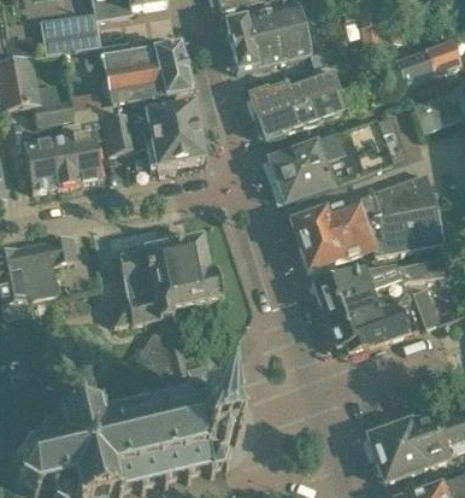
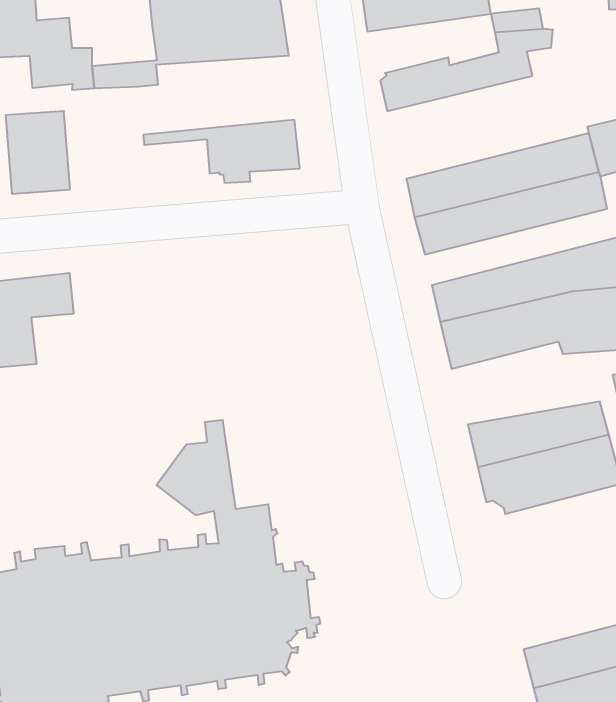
building: [253,84,360,137] -> none
building: [101,99,198,146] -> none
building: [58,129,101,183] -> none
building: [108,234,222,323] -> none
building: [312,264,399,301] -> none

